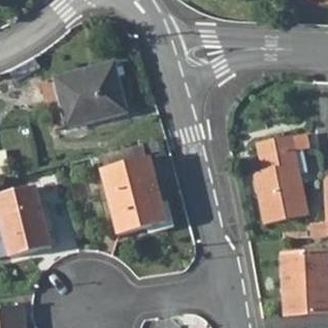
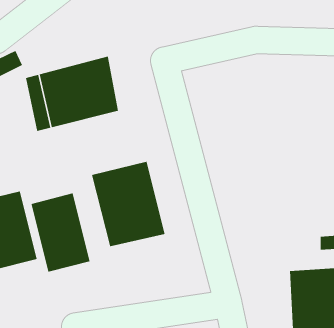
building: [251,136,302,222] -> none
building: none -> [31,193,90,273]

